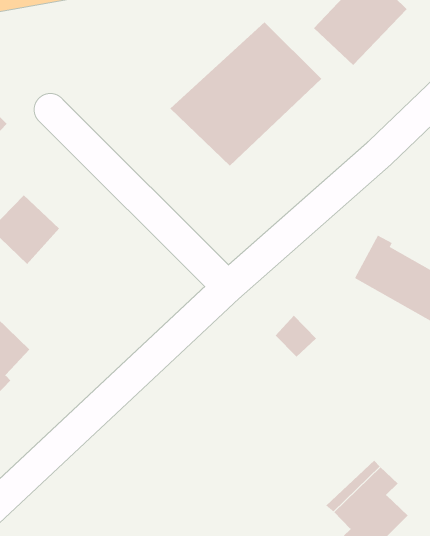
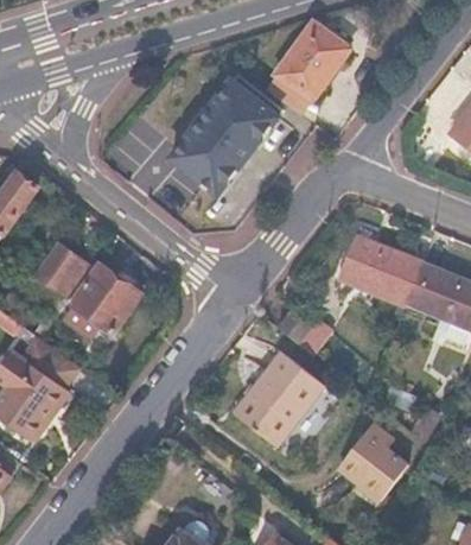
building: none -> [63,262,141,338]
building: none -> [233,353,324,448]

